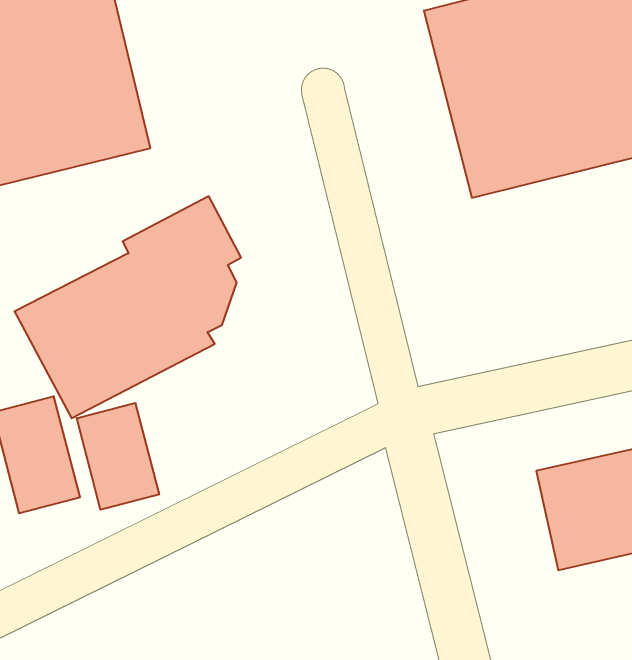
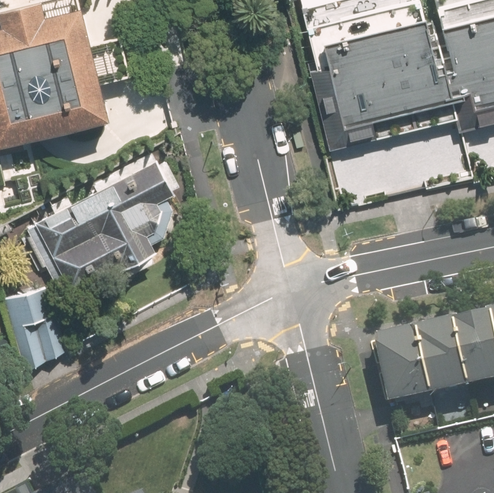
building: [77,403,159,510] -> none

